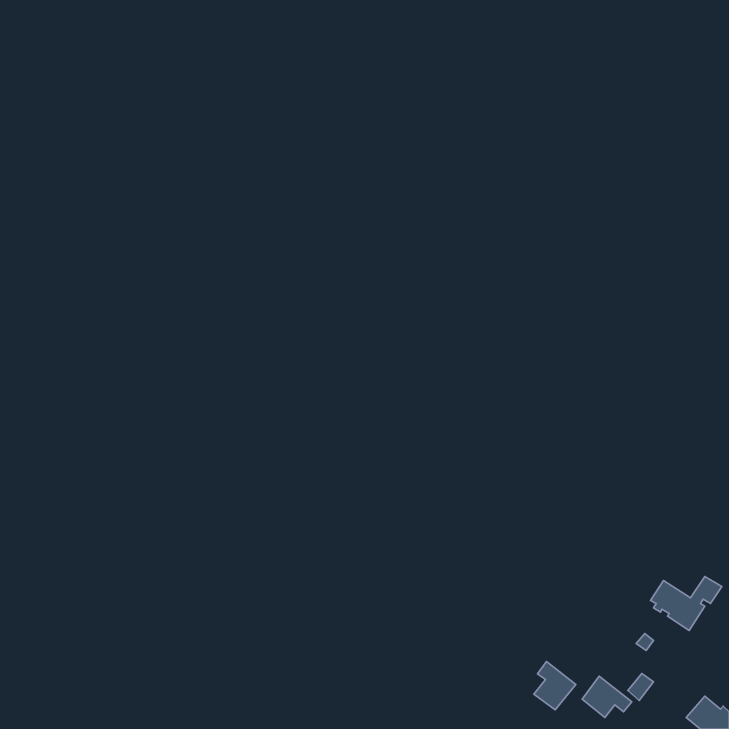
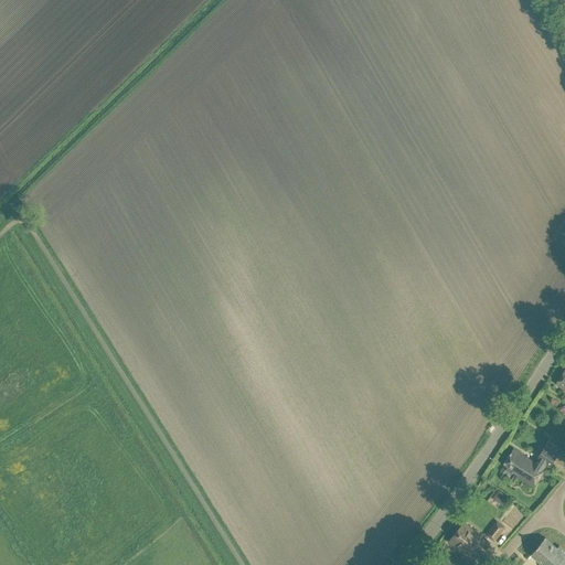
building: [534,661,576,710] -> none

